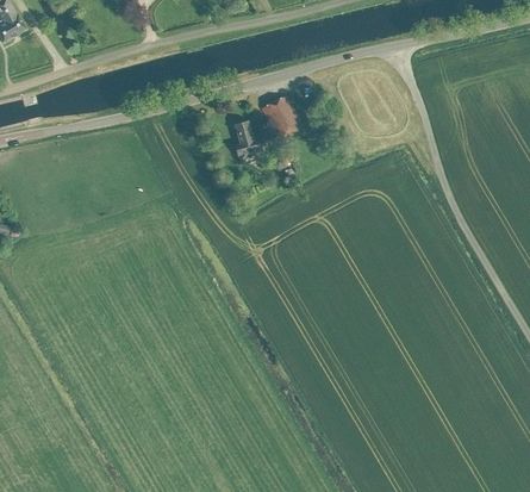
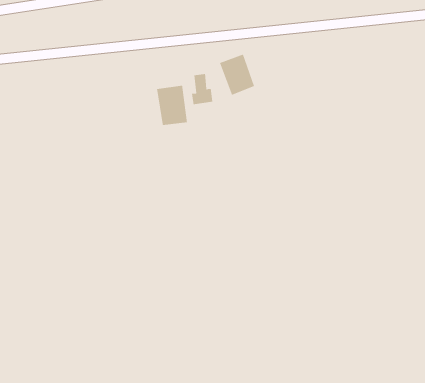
building: none -> [156,85,188,126]

